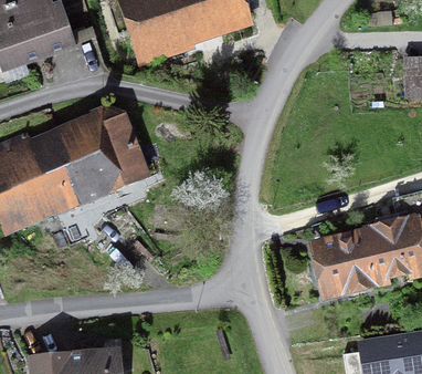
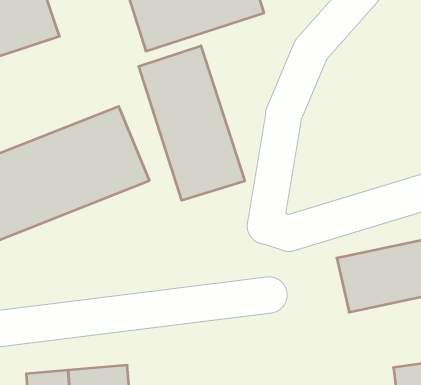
building: none -> [139,46,245,200]

